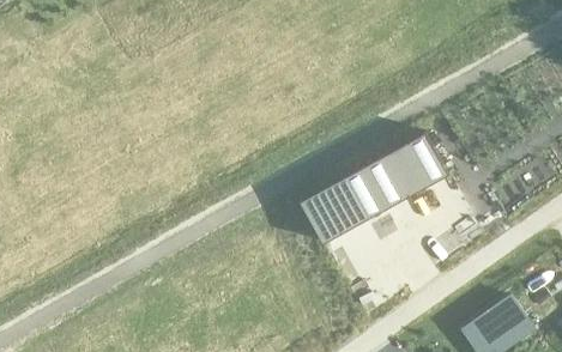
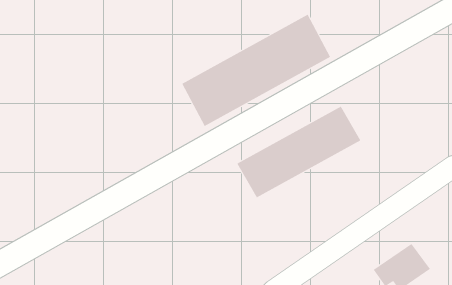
building: none -> [182,14,331,127]

